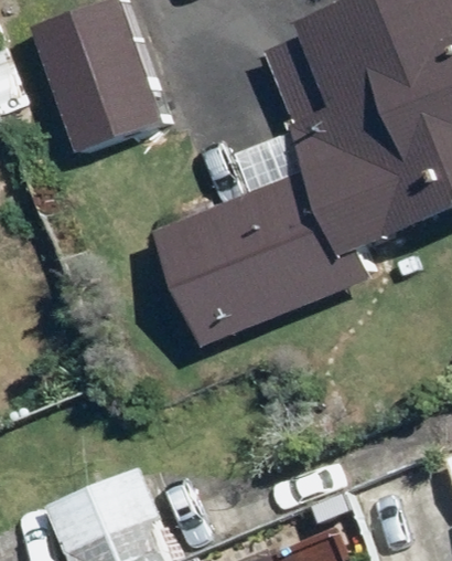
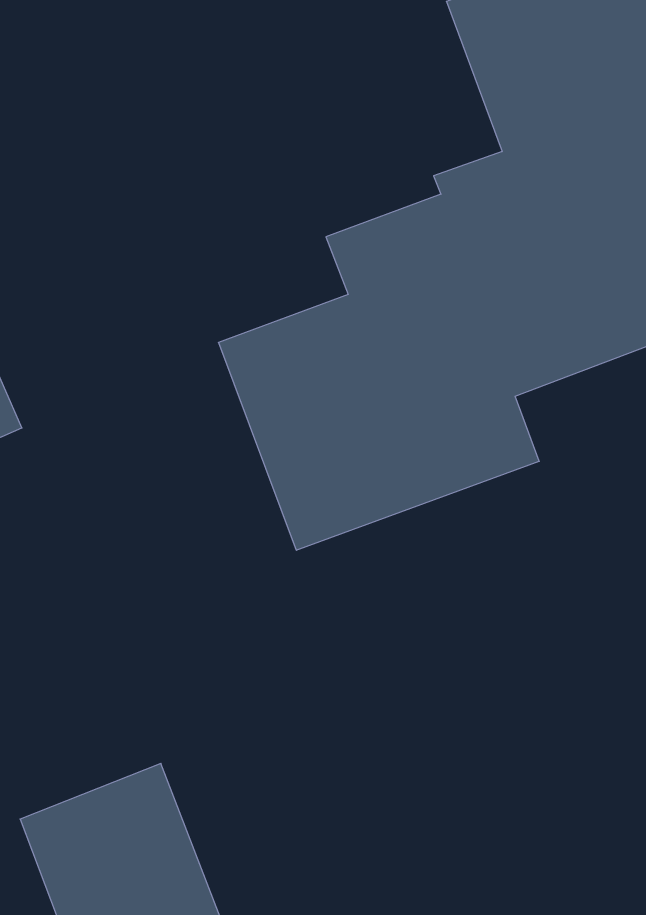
building: [44,30,163,156] -> none

